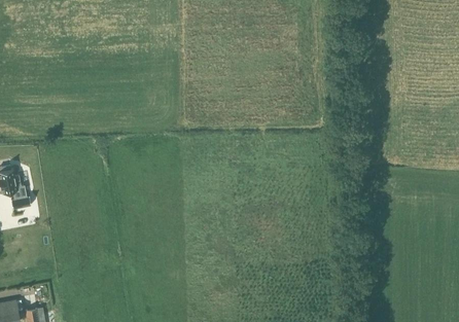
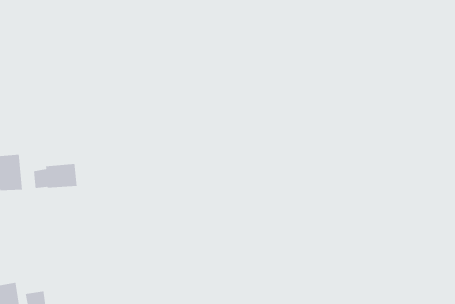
building: none -> [33,163,77,189]

